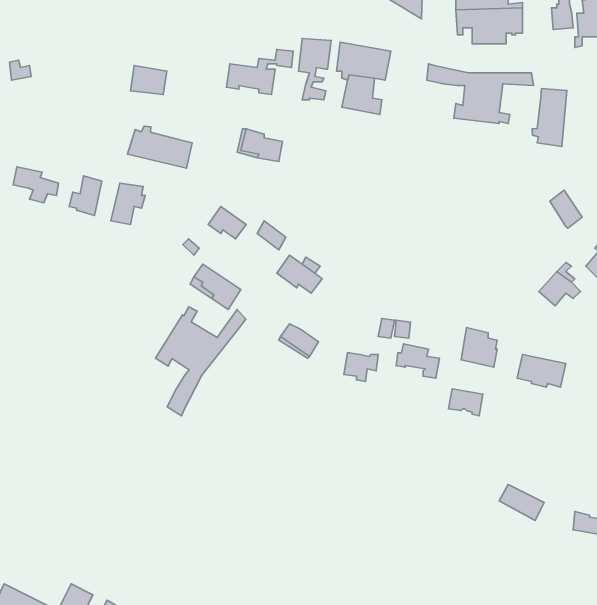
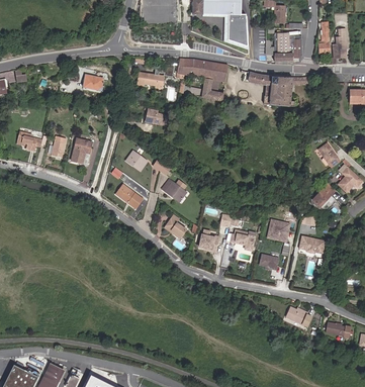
building: [532,89,567,147] -> none
building: [128,126,192,168] -> none
building: [155,307,246,416] -> none

